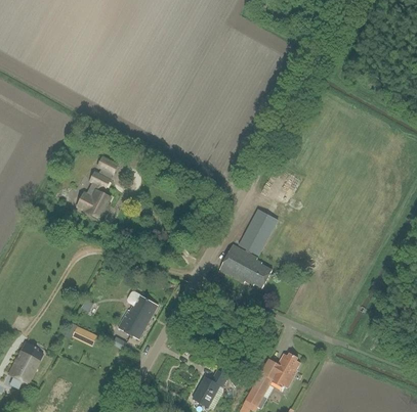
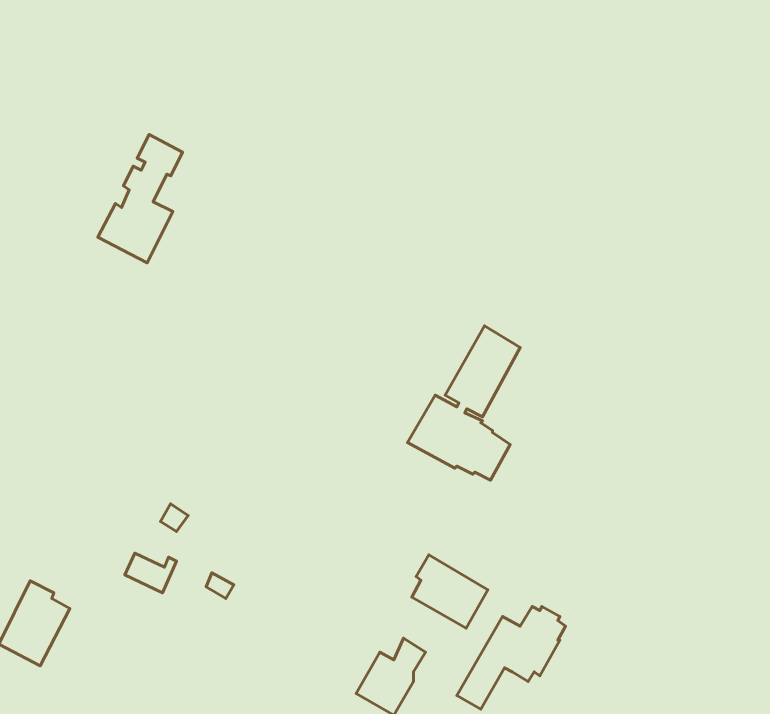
building: [76,154,120,221] -> [98,134,183,263]
building: [118,291,158,339] -> none
building: none -> [412,555,488,628]

